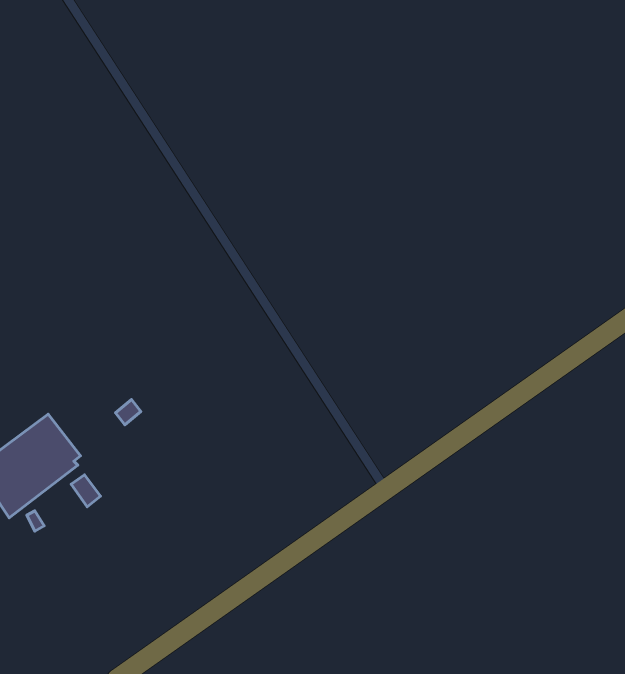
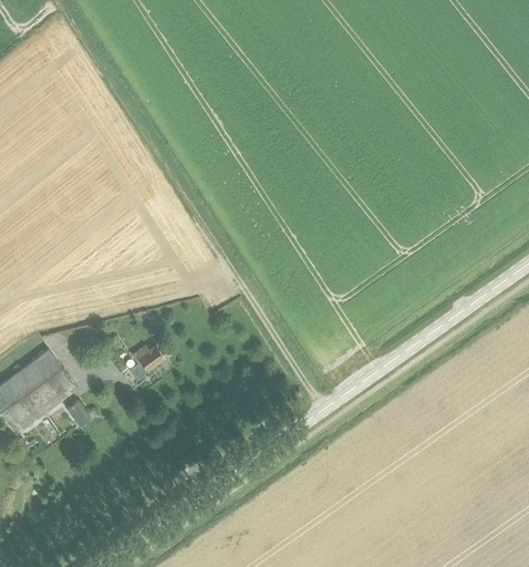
building: none -> [129,344,167,380]

